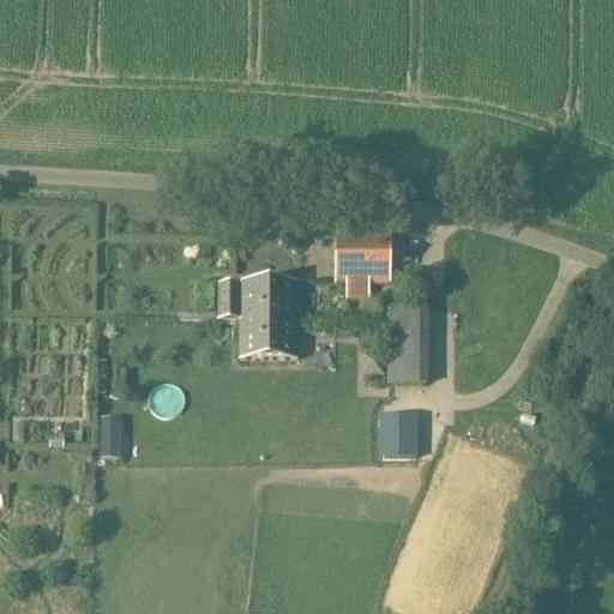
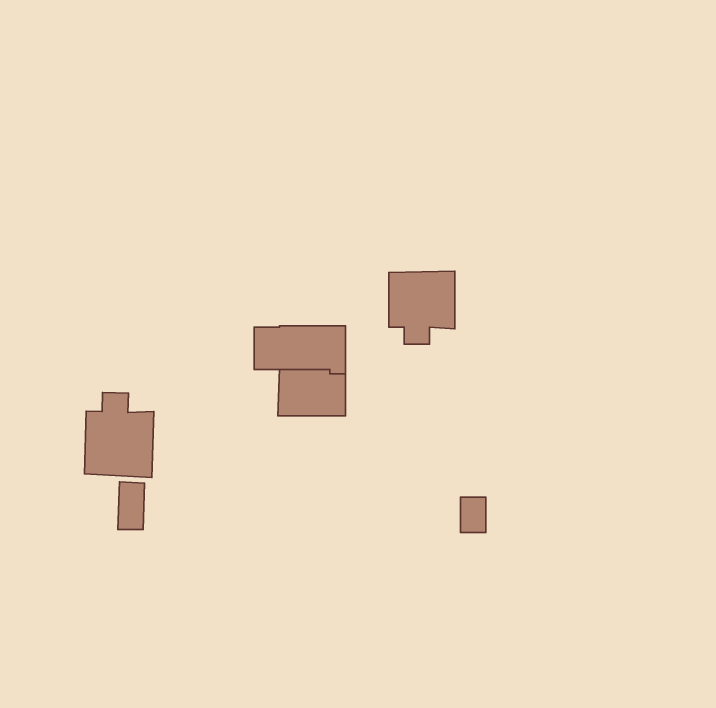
building: [391,302,431,379] -> none
building: none -> [84,392,154,477]

